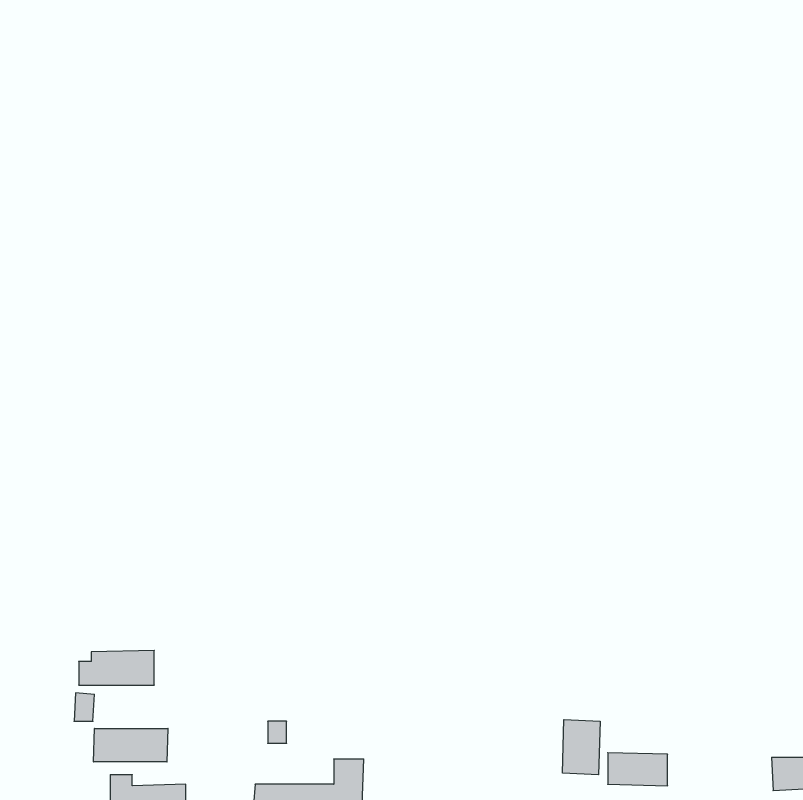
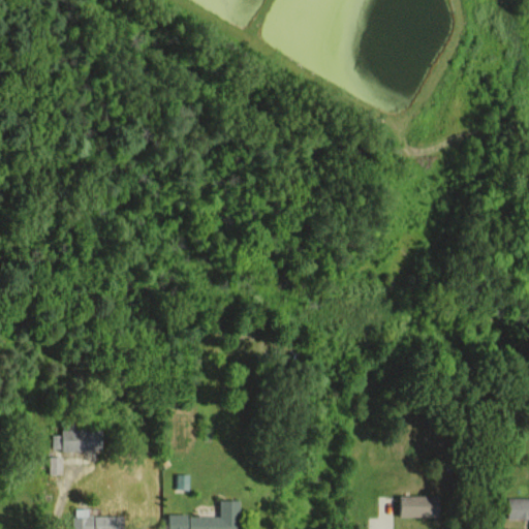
building: [563,720,600,775] -> none
building: [94,728,168,762] -> none

